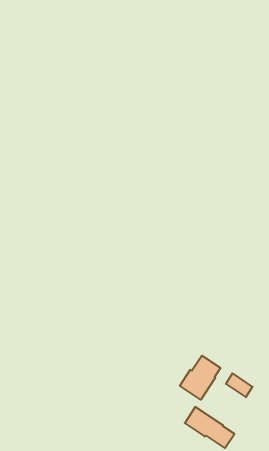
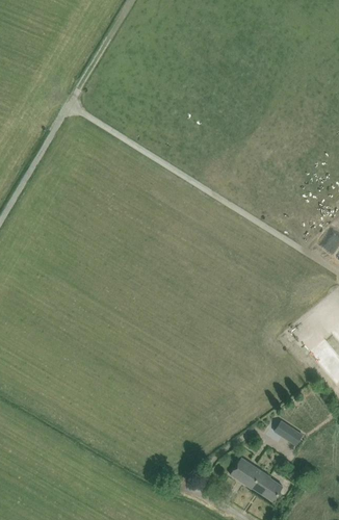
building: [180,356,220,400] -> none

